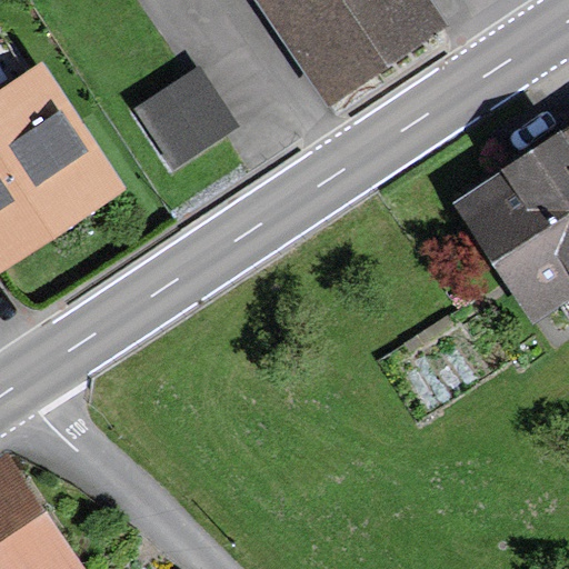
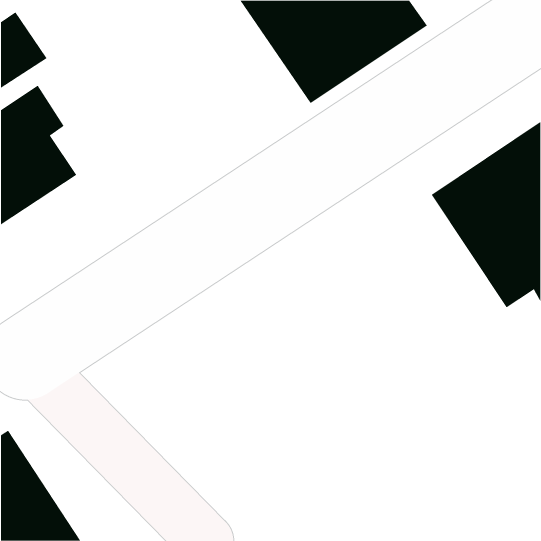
building: [147,66,239,156] -> none

